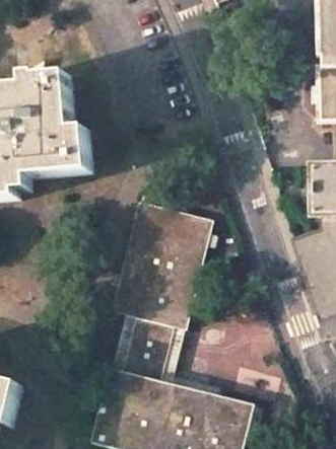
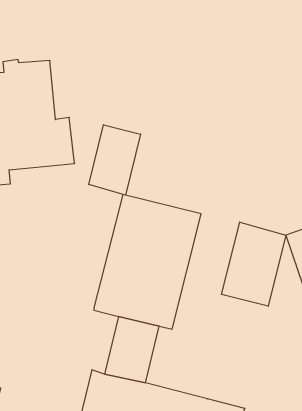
building: none -> [89,125,141,195]
building: none -> [222,222,286,306]

